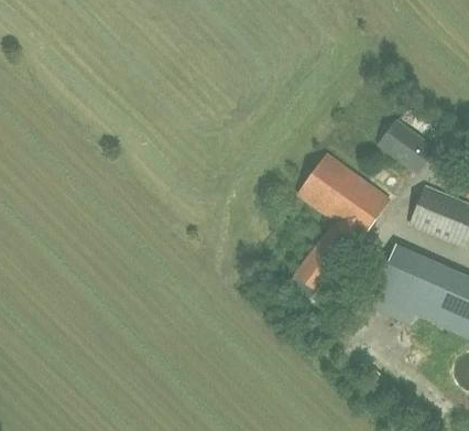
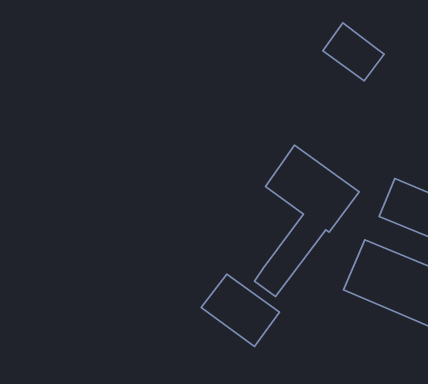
building: [377,117,437,174] -> [323,23,384,81]
building: none -> [201,274,280,347]

